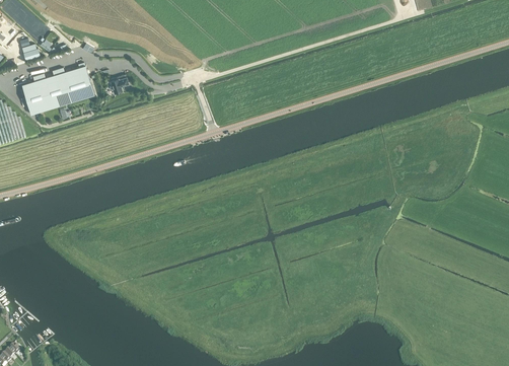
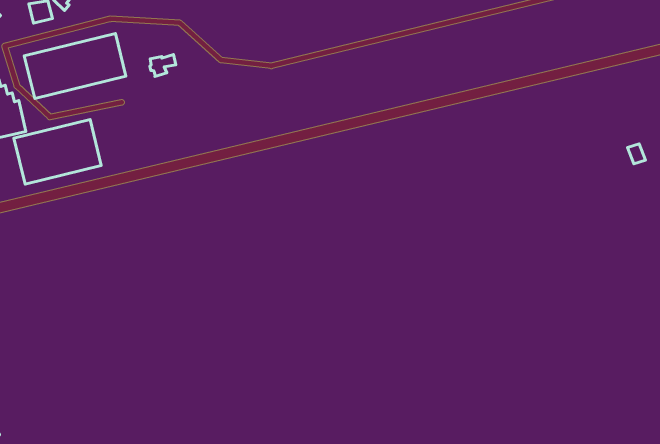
building: none -> [14,119,101,184]

